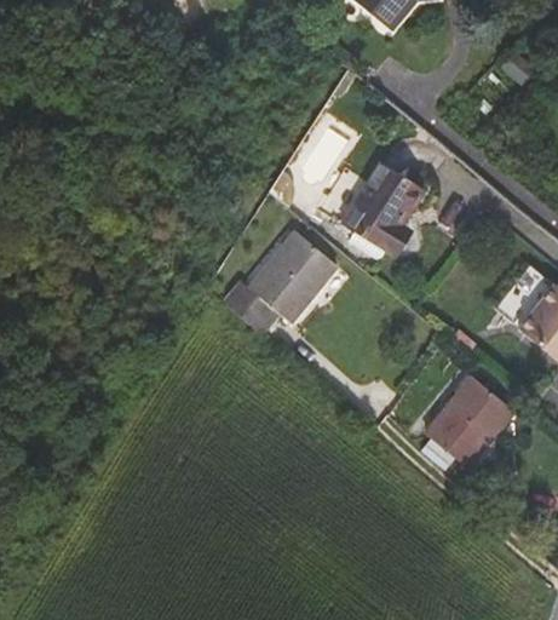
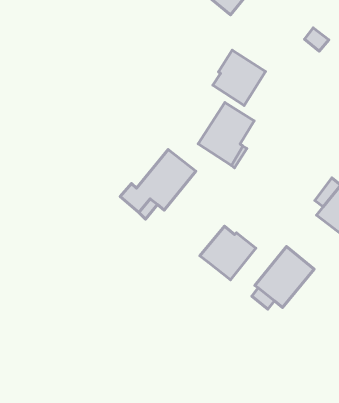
building: none -> [213,50,265,106]
building: none -> [200,226,256,280]

